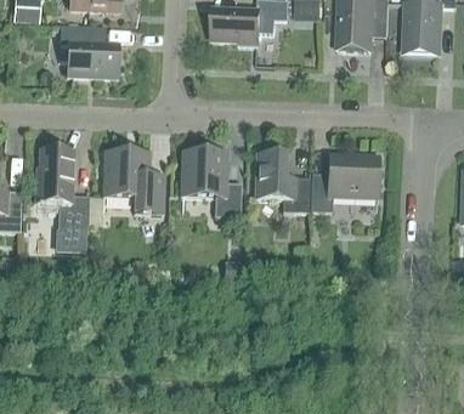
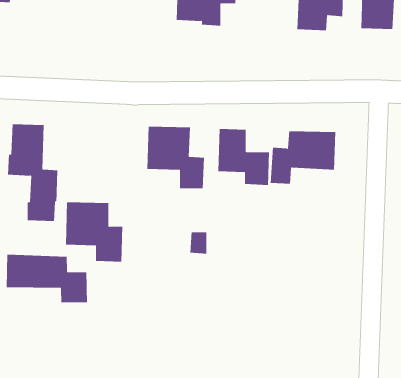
building: [58,24,118,76] -> none
building: [102,151,163,214] -> [65,202,123,262]
building: none -> [6,254,87,303]

